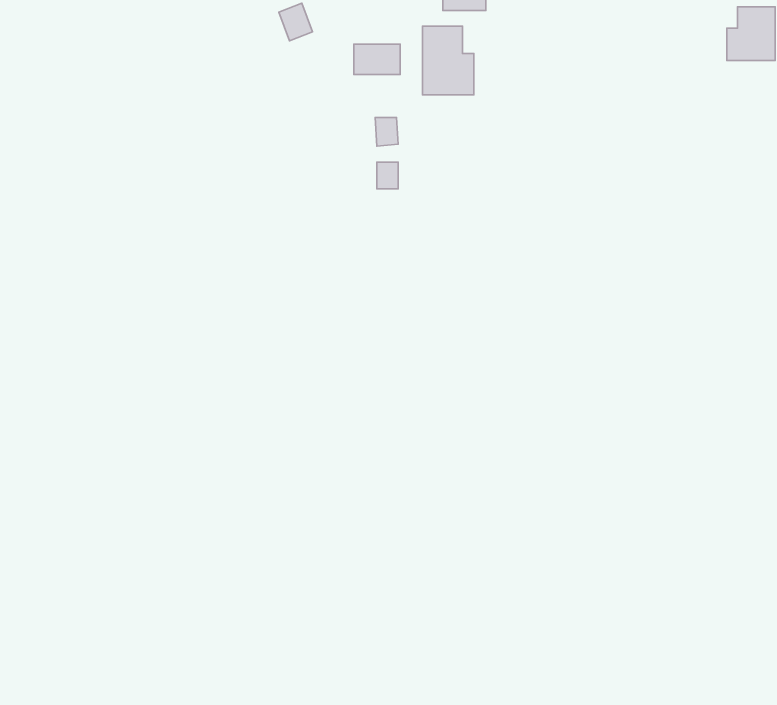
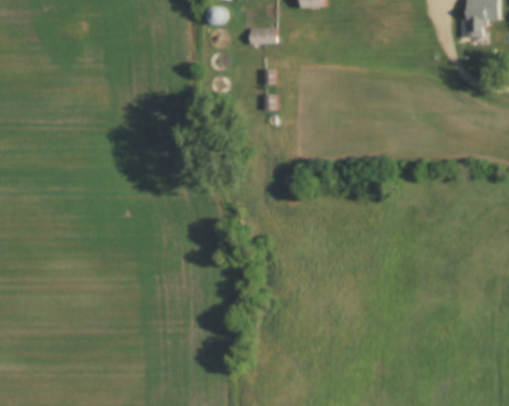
building: [423,26,474,95] -> none

